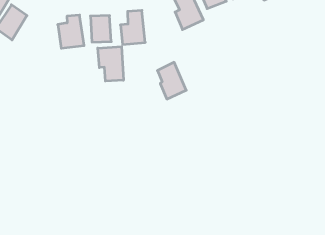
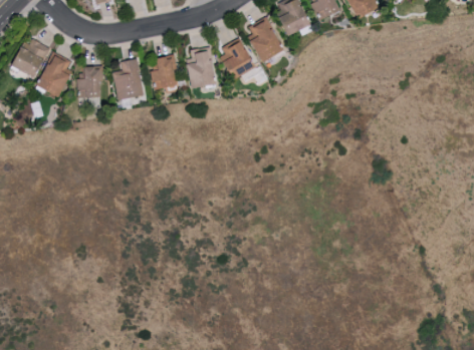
building: none -> [75,64,100,96]
building: [98,47,123,81] -> none
building: [157,62,186,99] -> [220,34,257,79]

